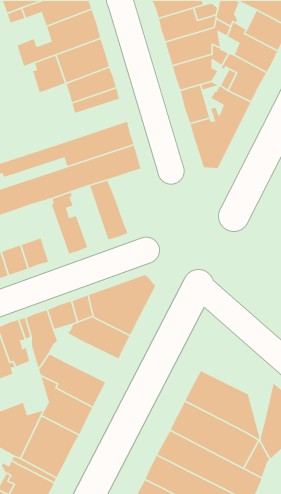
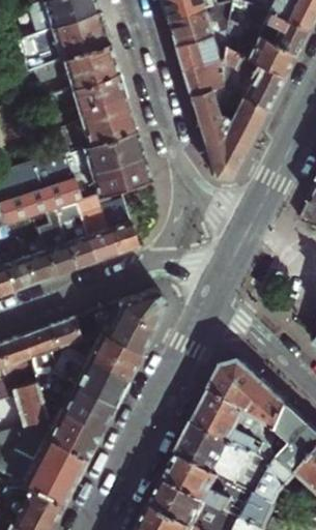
building: none -> [65,106,137,151]
building: none -> [77,197,116,262]
building: none -> [38,210,75,277]
building: none -> [54,352,127,404]
building: none -> [213,361,290,462]
building: none -> [15,380,53,438]

